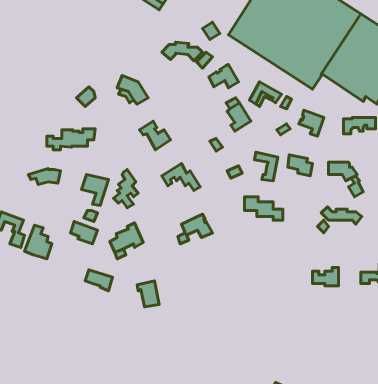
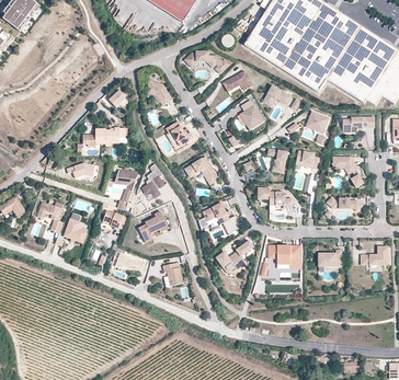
building: none -> [212,240,253,270]
building: none -> [269,245,299,268]

